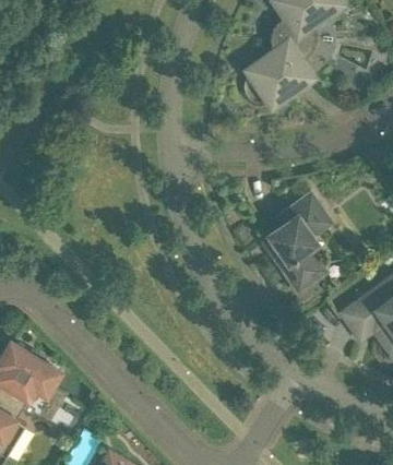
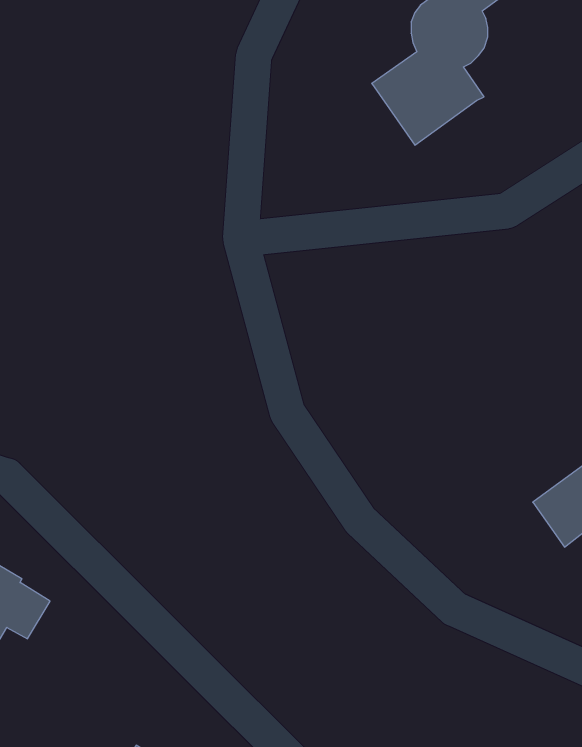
building: [267,194,329,290] -> none

